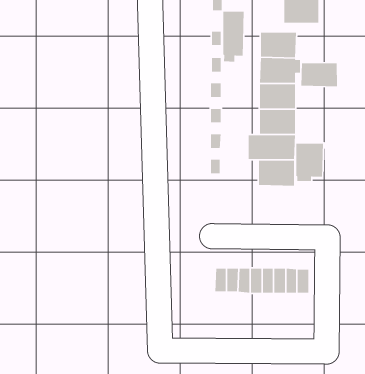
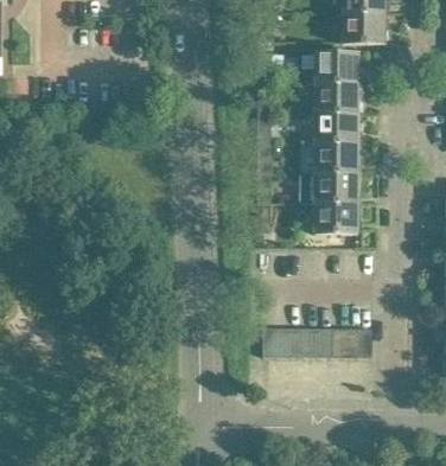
building: [222,11,244,62] -> none
building: [301,63,338,87] -> none
building: [296,143,324,182] -> none

